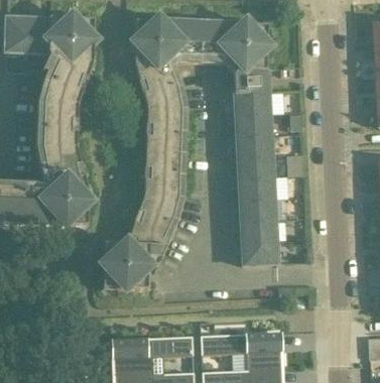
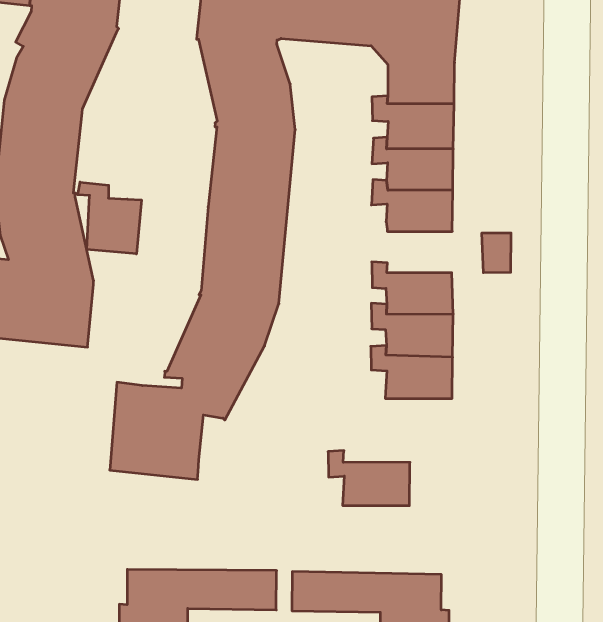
building: none -> [78,182,141,254]
building: [231,152,273,178] -> none
building: [235,237,278,265] -> [328,451,410,506]

